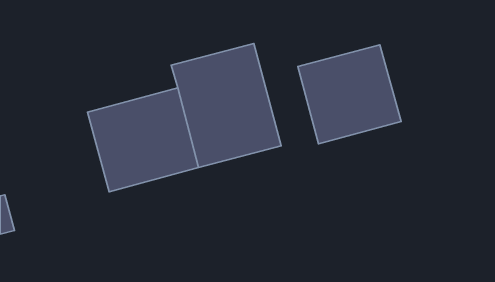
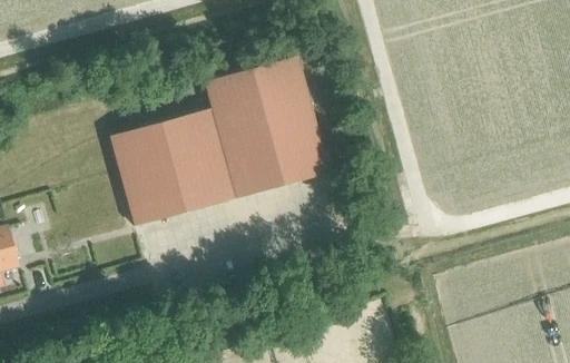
building: [298,45,401,144] -> none

